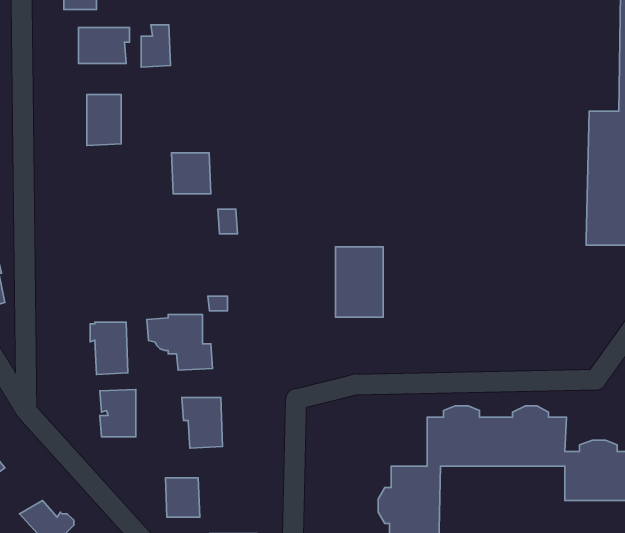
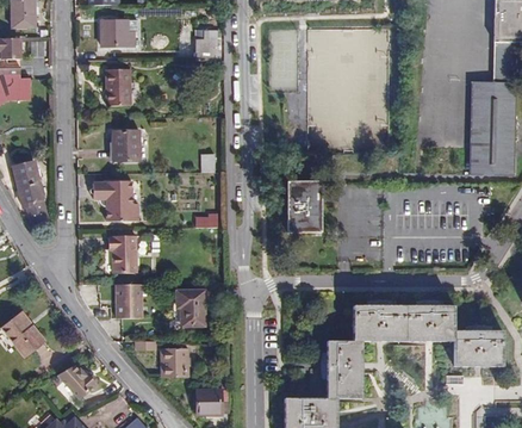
building: [141,25,170,67] -> [195,30,217,61]
building: [171,153,211,194] -> [112,131,141,161]
building: [147,314,212,370] -> [92,180,139,221]

